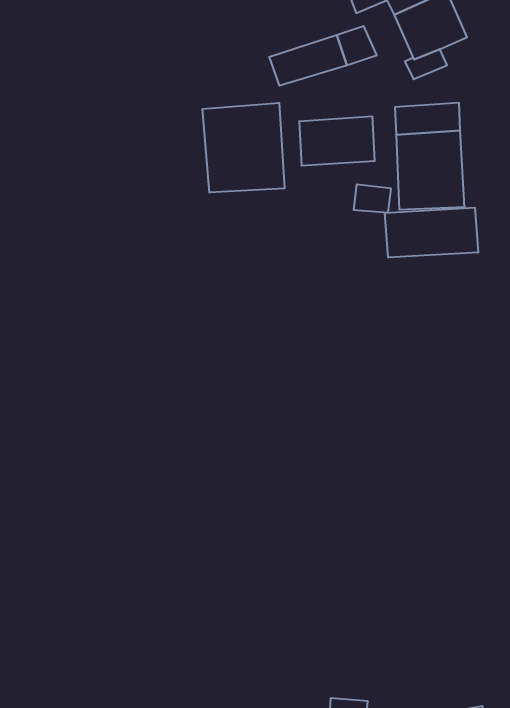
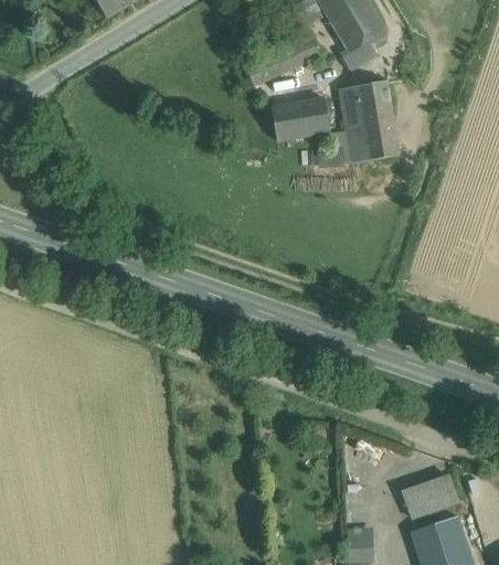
building: [203,103,285,193] -> none
building: [385,208,478,258] -> none
building: none -> [402,472,459,519]

